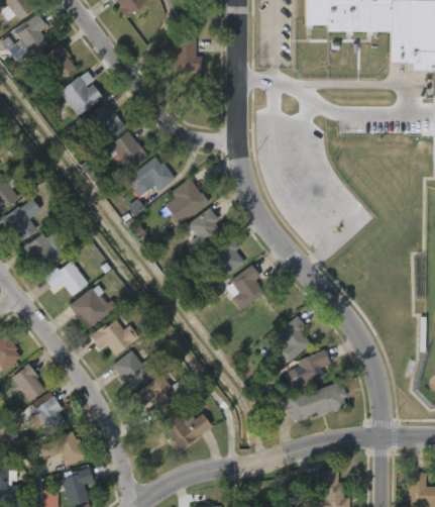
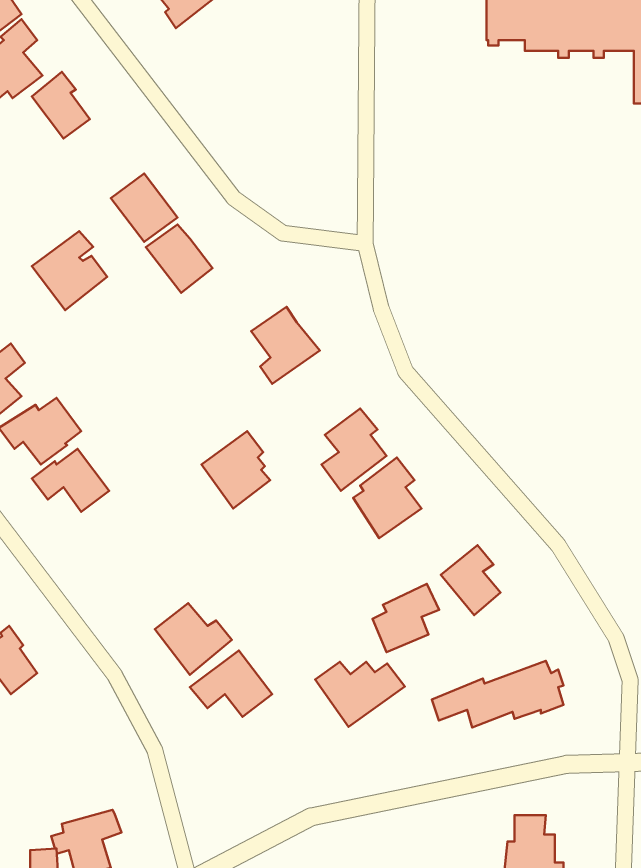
building: [173,38,203,71] -> none
building: [59,71,102,116] -> [32,231,107,310]
building: [128,157,179,196] -> none
building: [186,208,225,252] -> [202,431,270,508]
building: [68,285,117,330] -> none
building: [90,319,138,356] -> none
building: [293,348,331,388] -> [372,584,439,652]
building: [30,391,66,434] -> none
building: [160,413,212,450] -> [315,662,405,727]
building: [40,430,90,466] -> none

